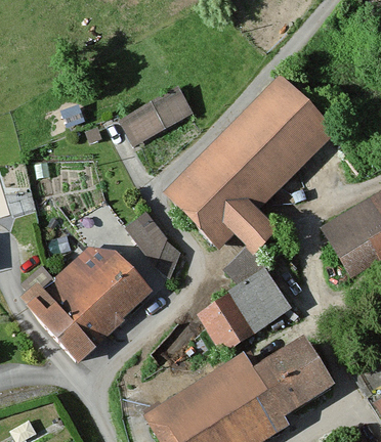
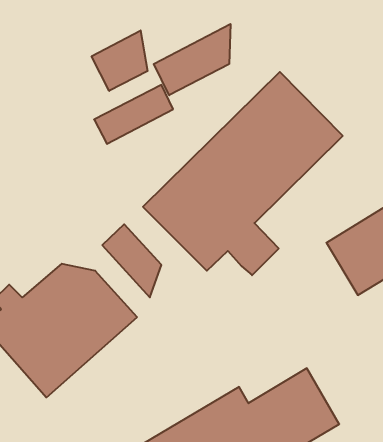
building: none -> [154,24,230,95]
building: none -> [92,30,148,91]
building: [199,247,291,354] -> none

